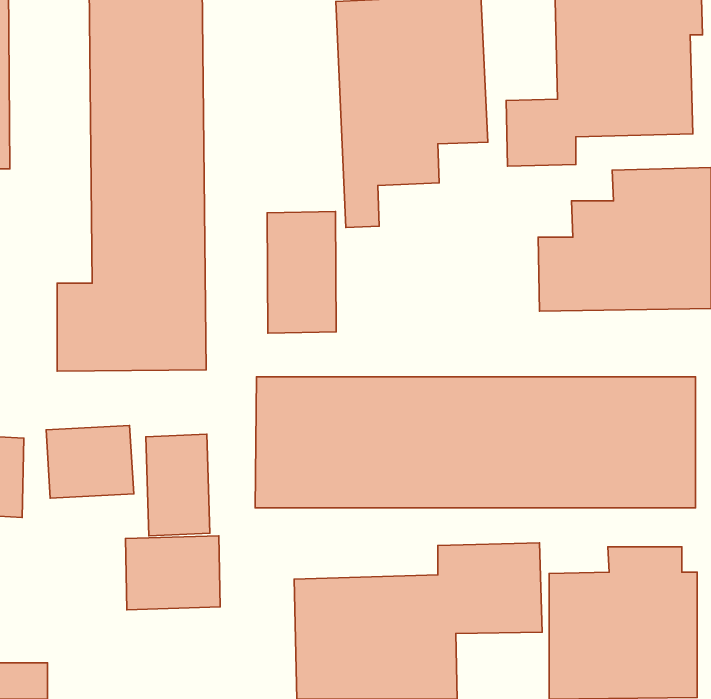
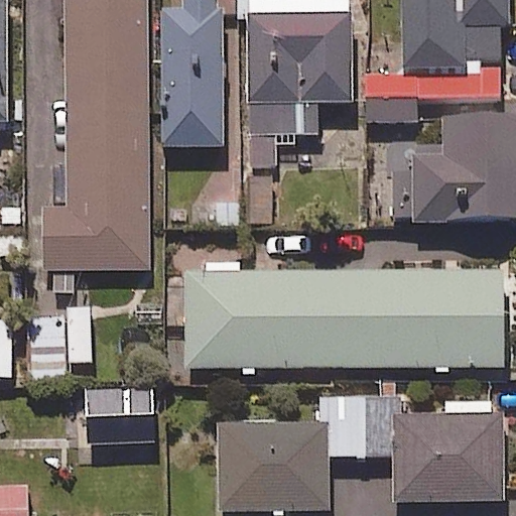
building: none -> [162,6,223,147]
building: [267,211,336,333] -> none
building: [146,434,210,536] -> none

